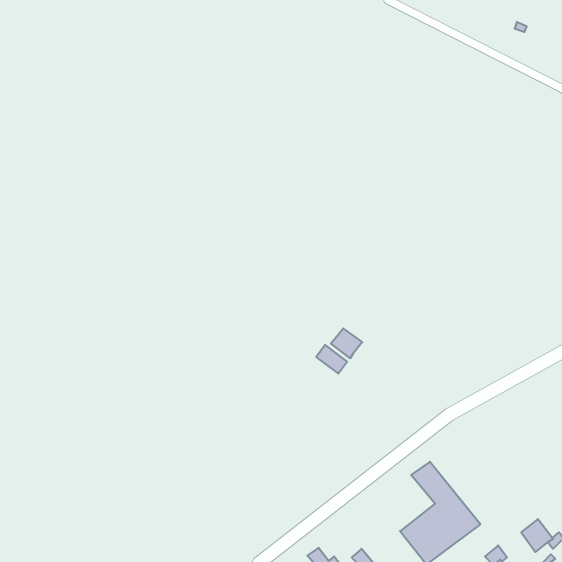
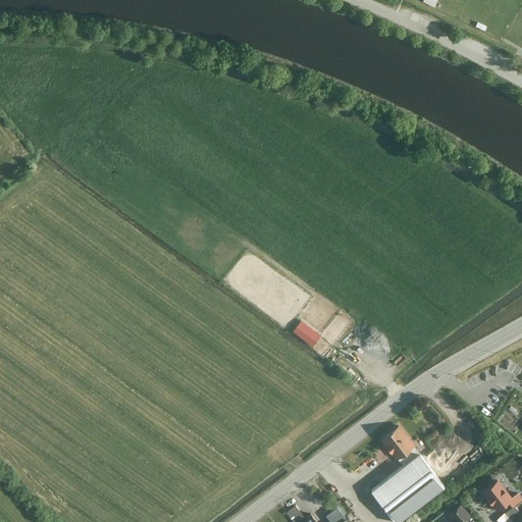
building: [331,328,362,358] -> none

